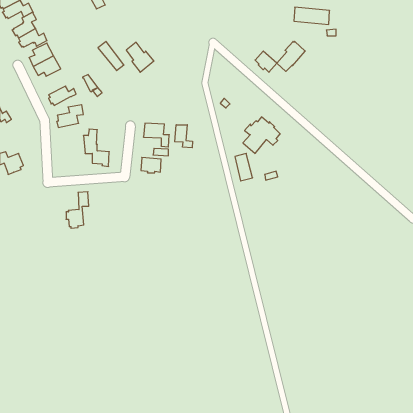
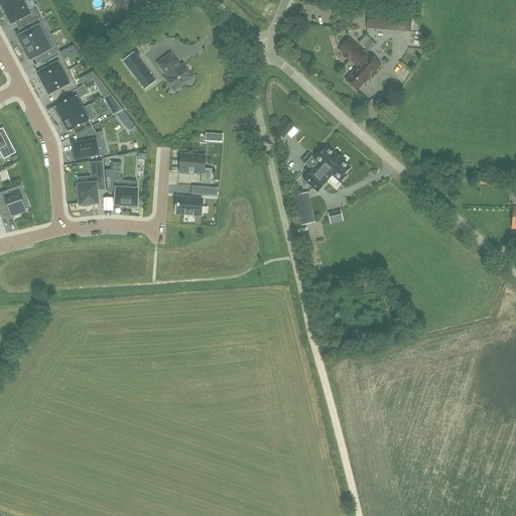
building: [255,51,277,72] -> [338,36,365,62]
building: none -> [54,84,88,118]
building: [175,125,192,148] -> none
building: [66,192,89,228] -> [75,160,103,206]

